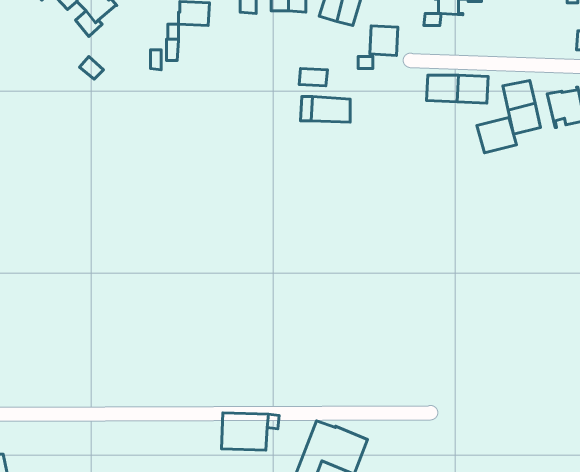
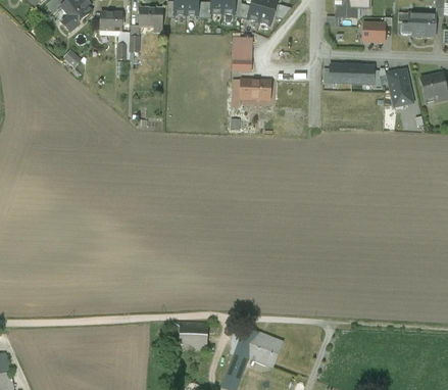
building: none -> [100,12,121,30]
building: none -> [407,13,435,36]
building: none -> [361,22,385,43]
building: [370,26,398,55] -> [232,37,253,59]
building: [477,118,517,153] -> none

